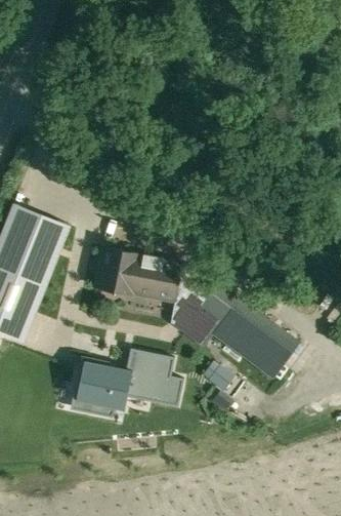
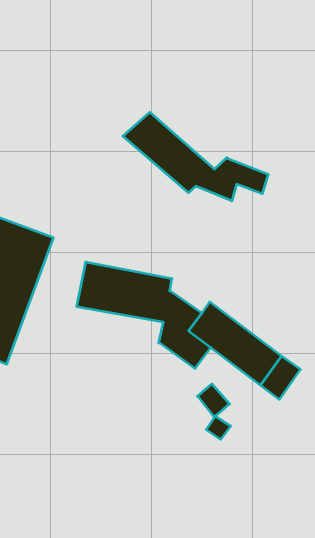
building: none -> [123,112,268,201]
building: [66,349,180,420] -> none

